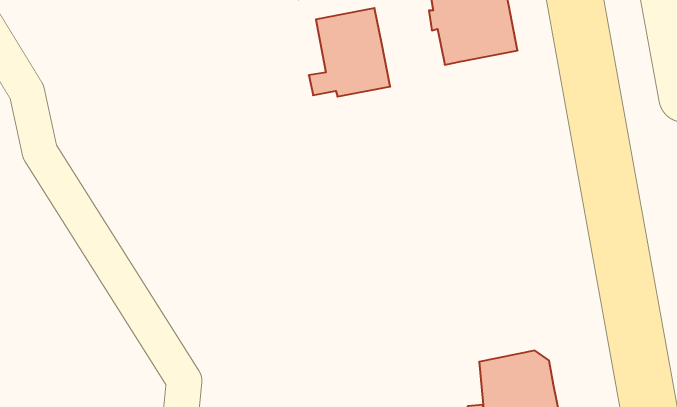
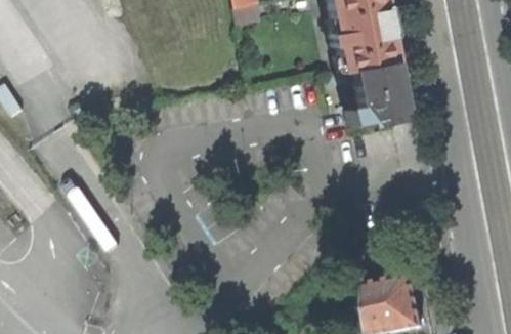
building: [309,8,390,97] -> [348,59,407,123]

